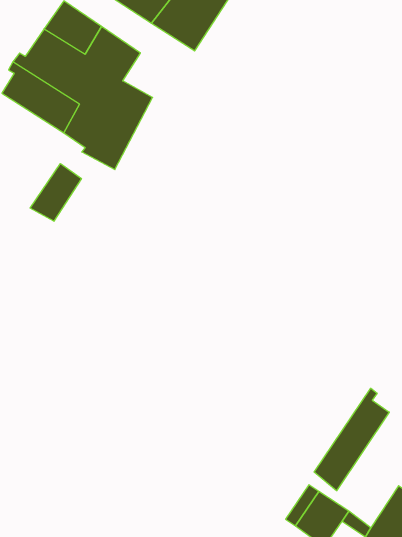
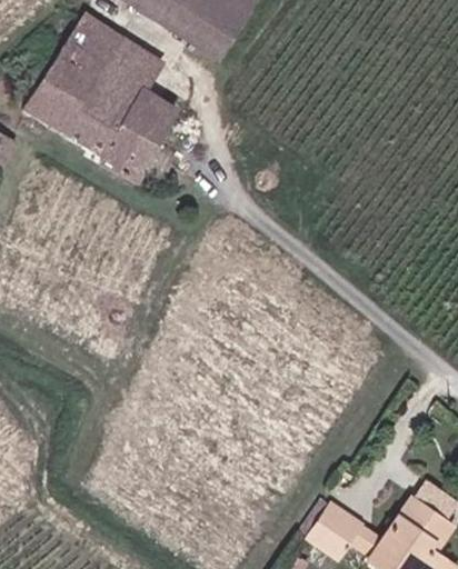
building: [30,164,81,221] -> none
building: [314,388,389,491] -> none

